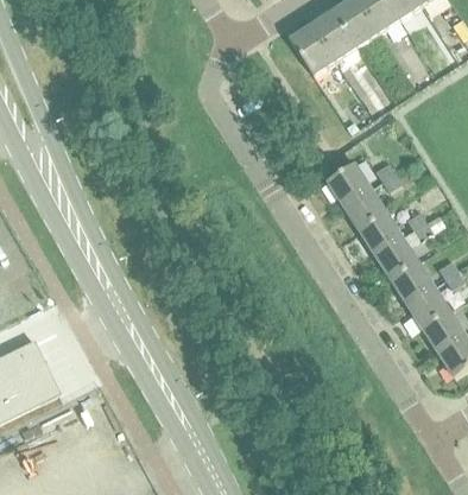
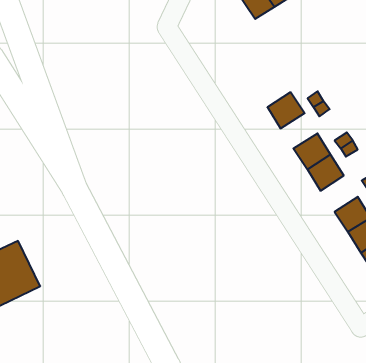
building: [342,186,386,228] -> none
building: [390,260,434,303] -> none

